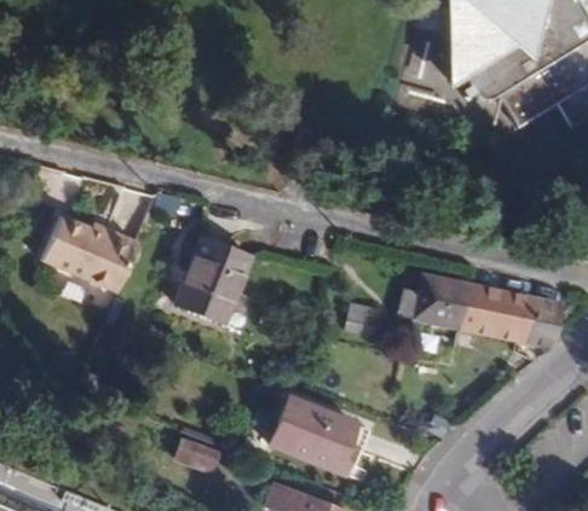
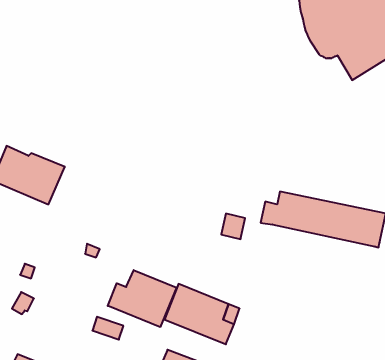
building: [175,236,250,320] -> none
building: none -> [108,270,177,327]

